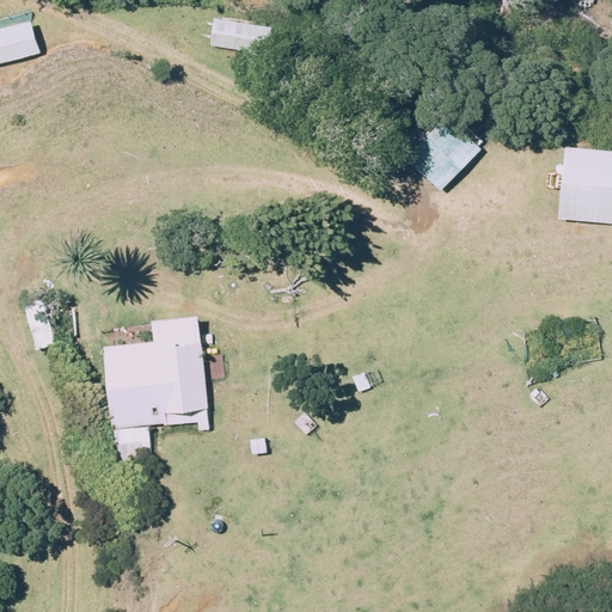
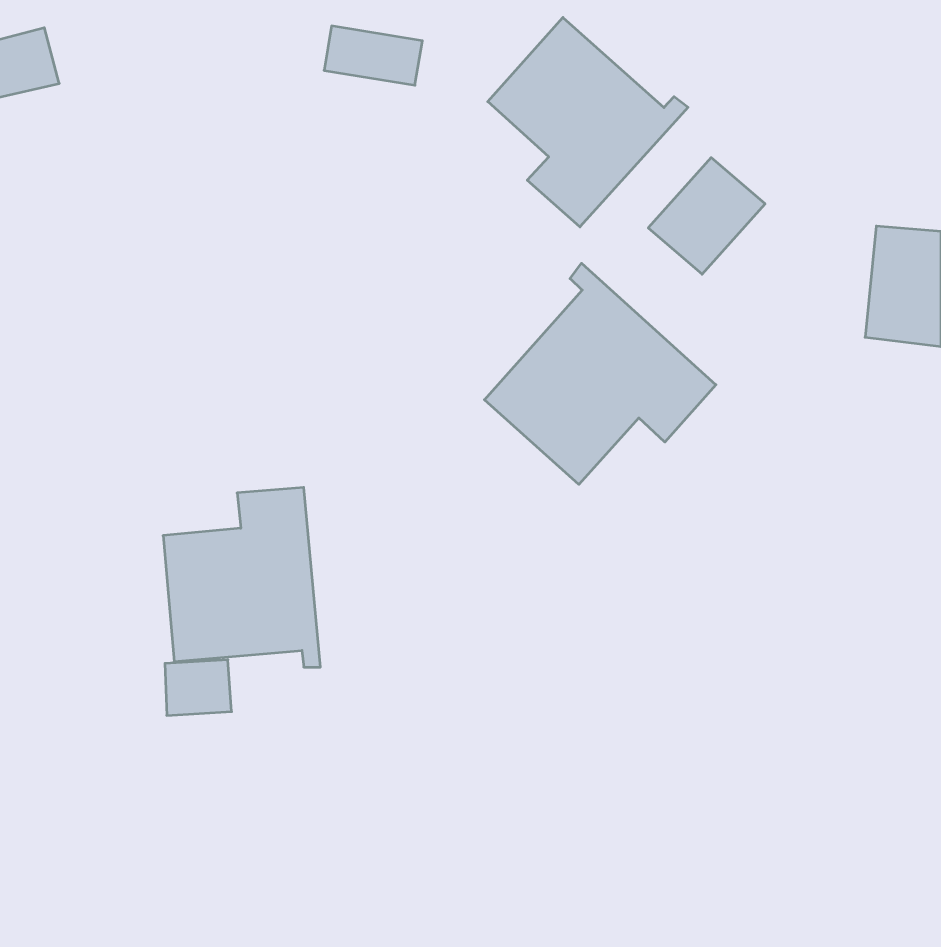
building: none -> [488,17,688,227]
building: none -> [484,263,716,484]

